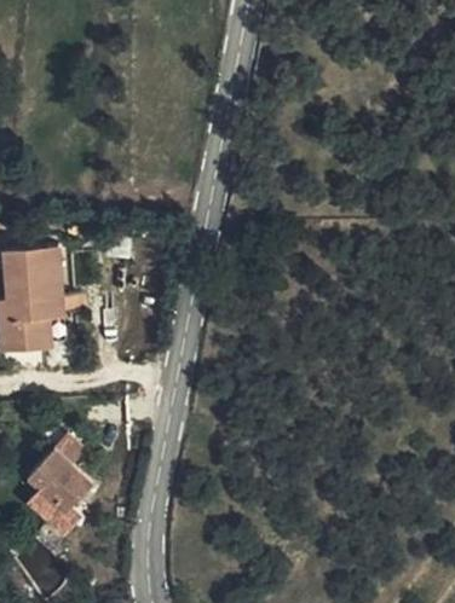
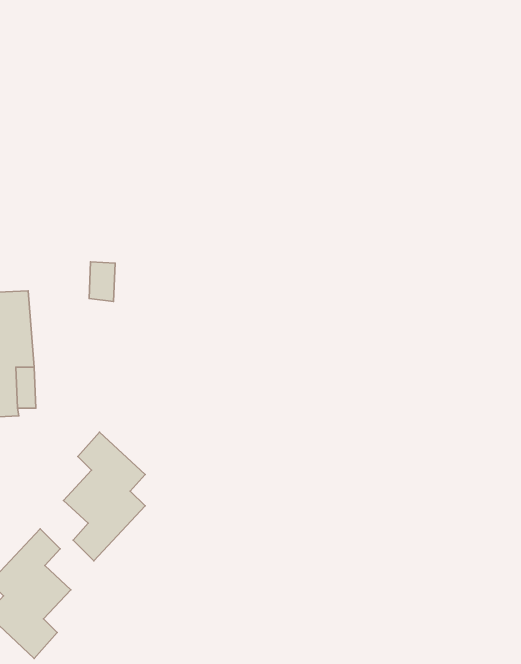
building: none -> [63,432,145,561]

